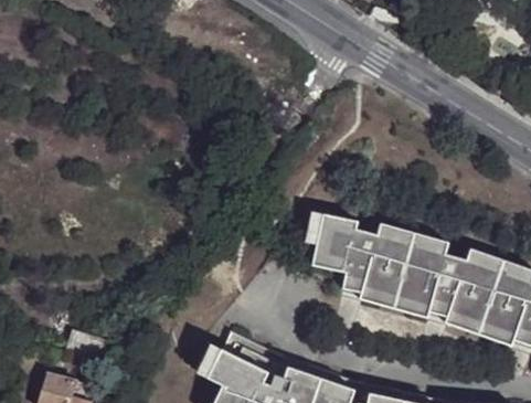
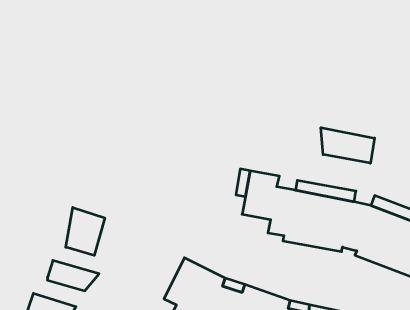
building: none -> [321,128,375,163]
building: none -> [66,207,105,255]

